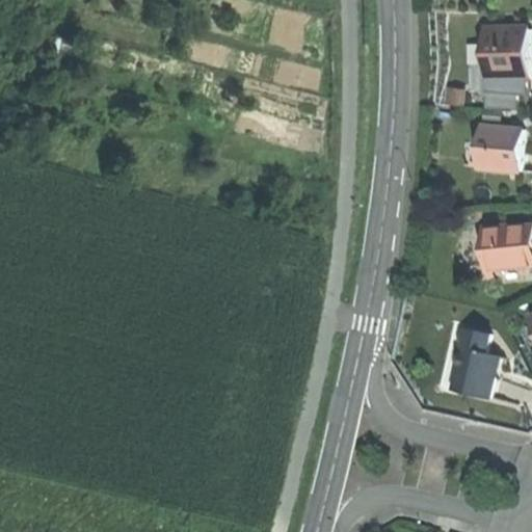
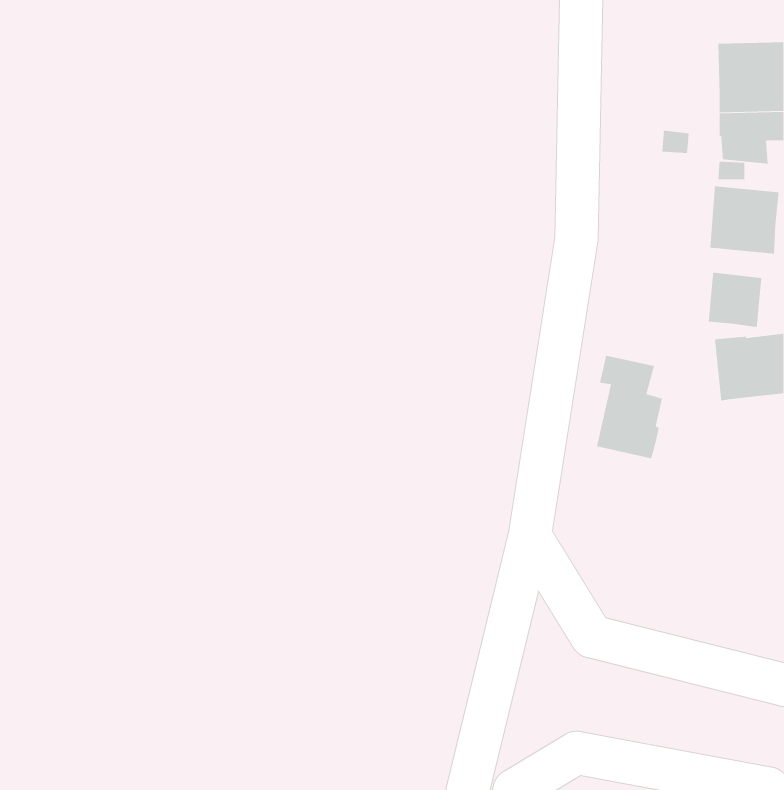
building: none -> [708,272,762,328]
building: [450,327,495,397] -> [596,355,663,459]

